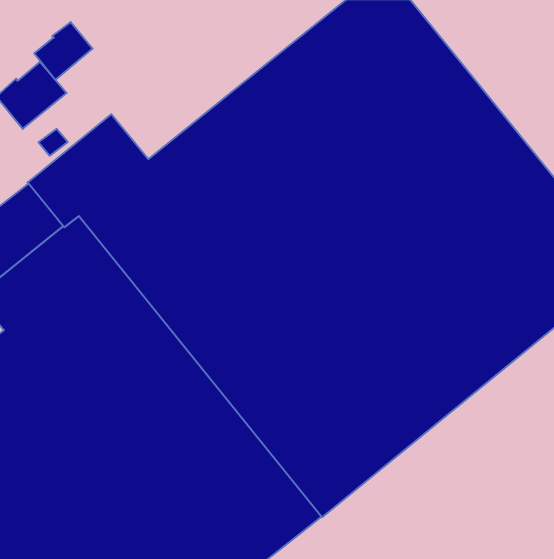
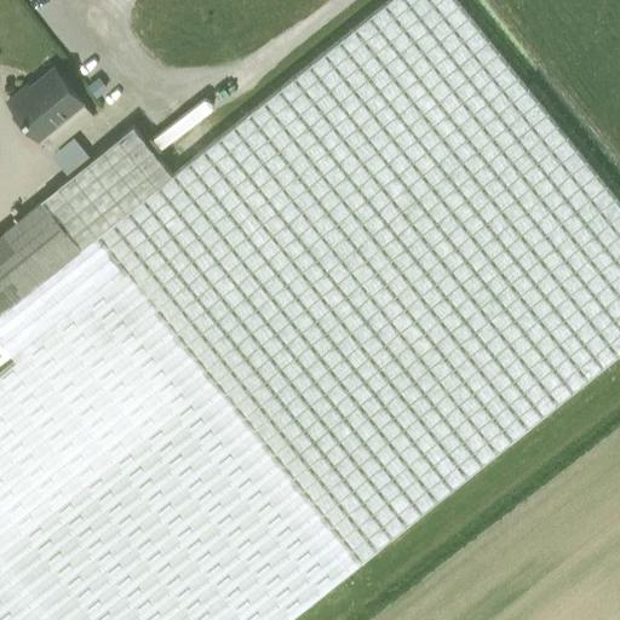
building: [34,22,93,80] -> none

